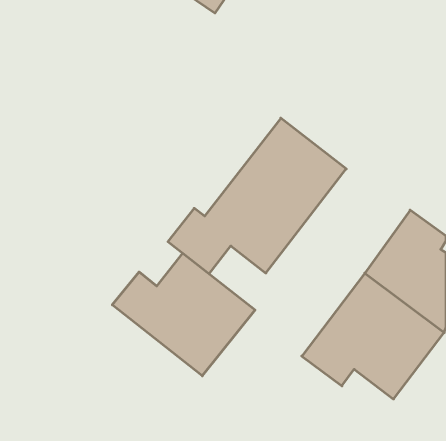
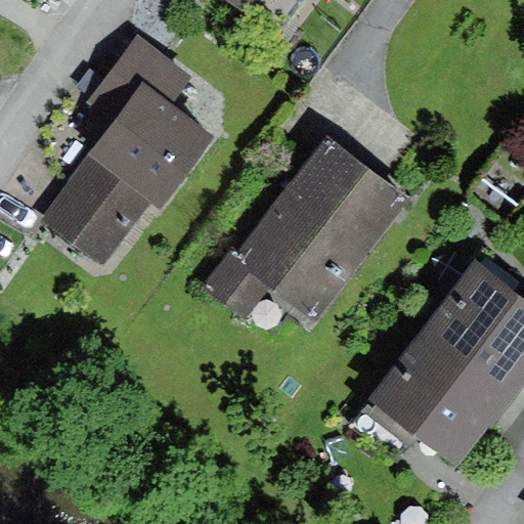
building: none -> [44,38,219,263]
building: [112,253,255,376] -> none

